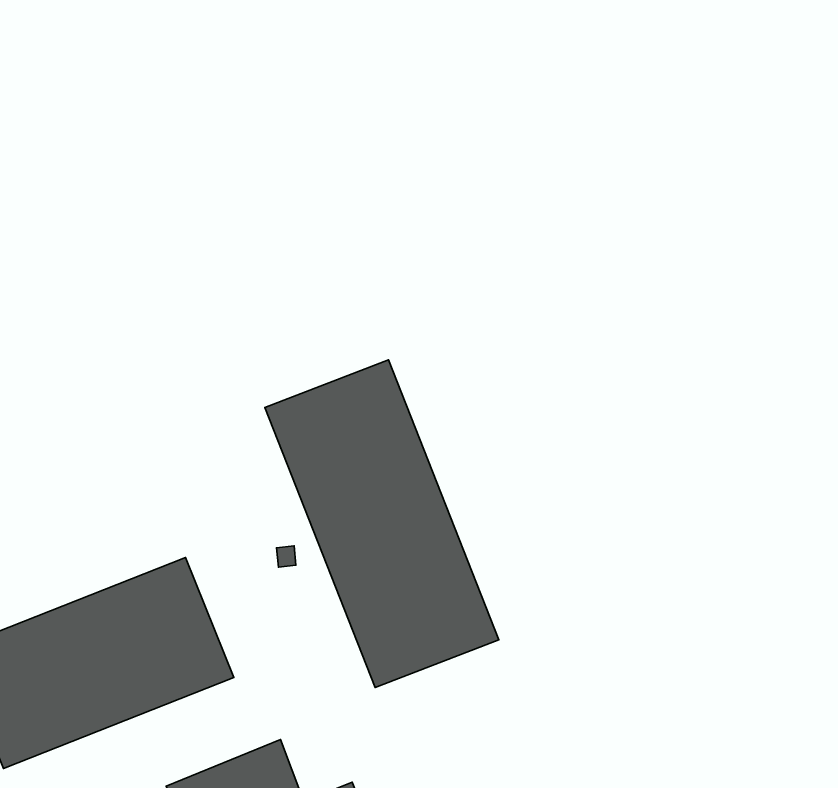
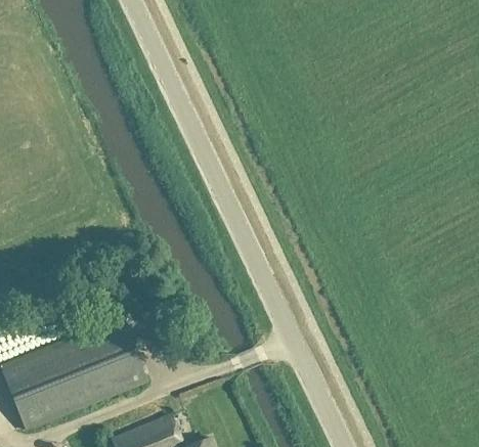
building: [265,360,499,687] -> none

